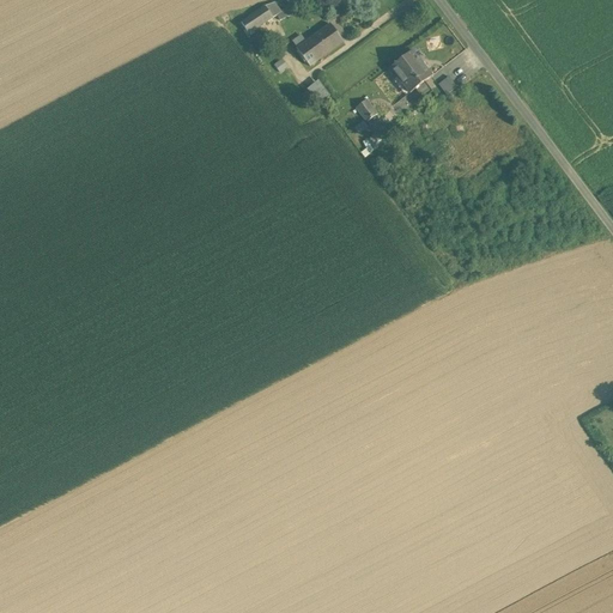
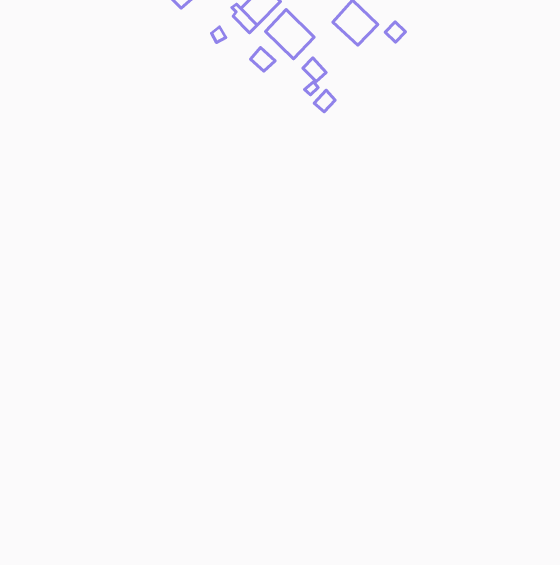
building: none -> [265,10,314,59]

